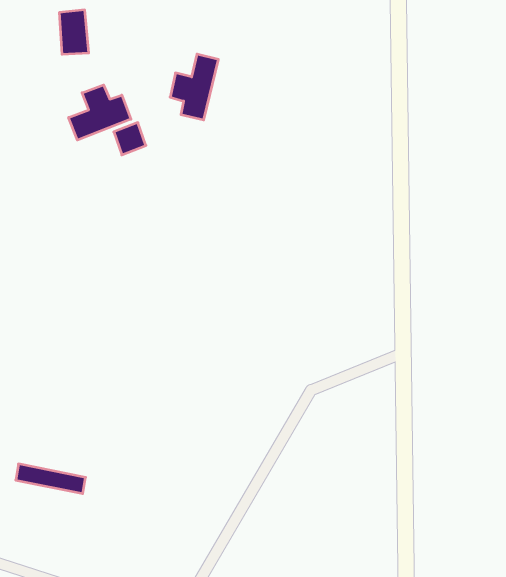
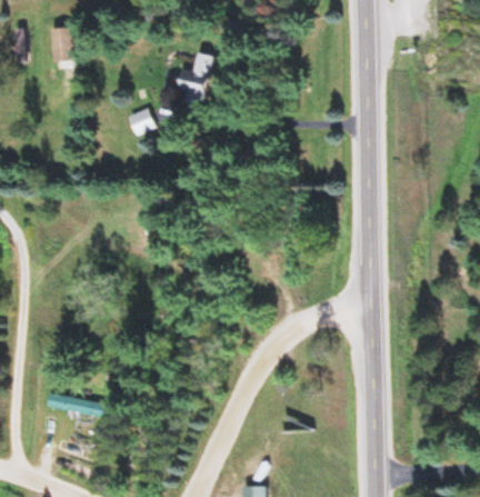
building: [59,10,89,54] -> [49,26,73,62]
building: [69,85,131,140] -> none

